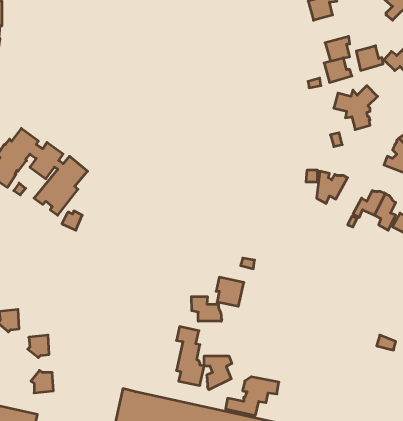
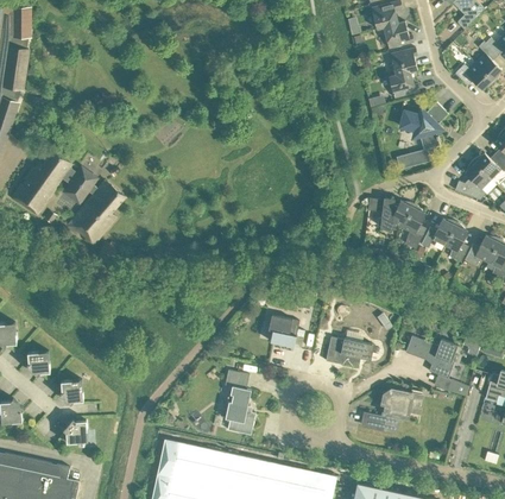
building: [356,46,383,70] -> [384,21,414,49]
building: none -> [402,204,425,250]
building: none -> [405,335,457,378]
building: none -> [326,336,374,368]
building: [191,297,222,321] -> none
building: [204,356,232,390] -> none
building: [226,377,279,415] -> [362,390,422,432]

